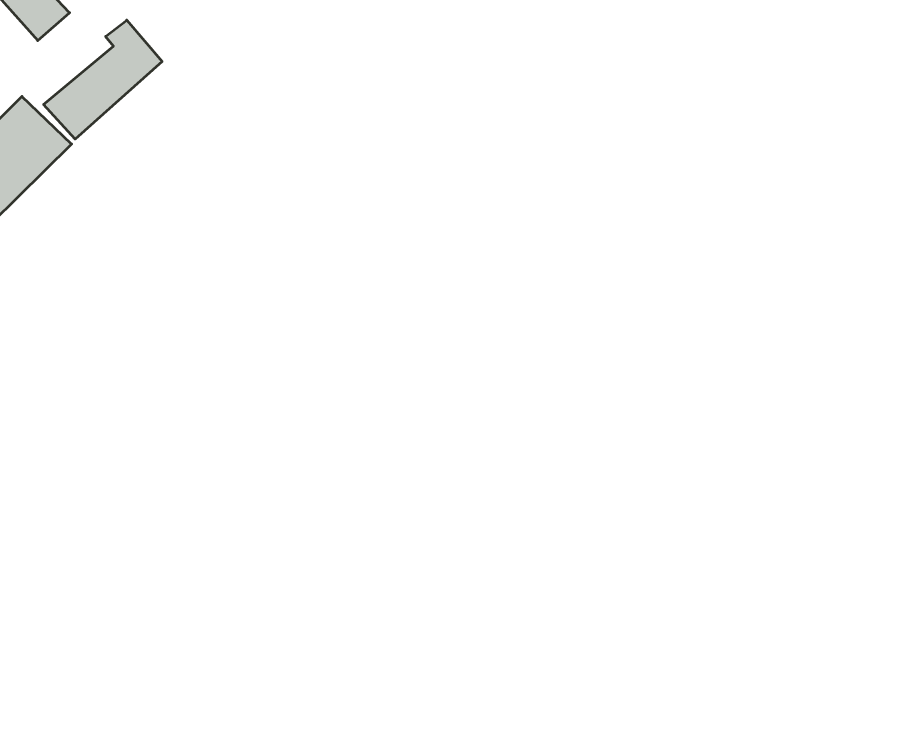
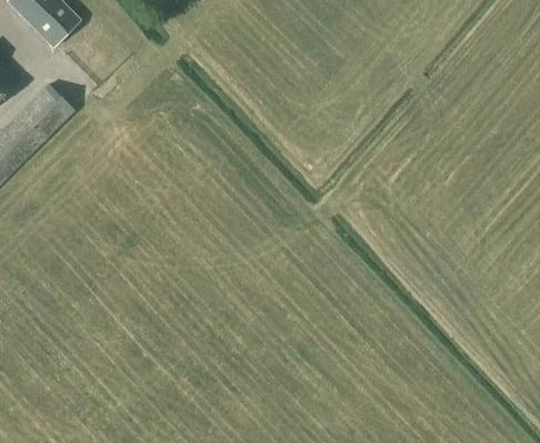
building: [44,20,162,139] -> none

